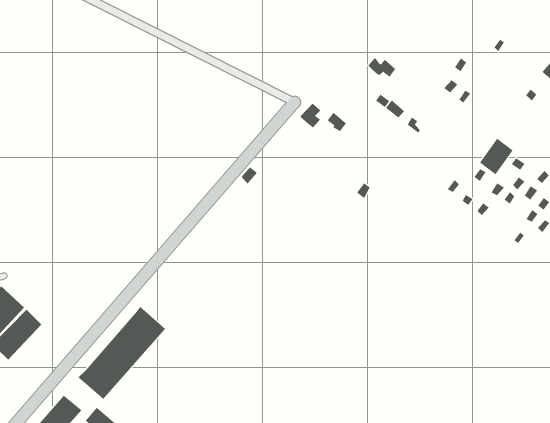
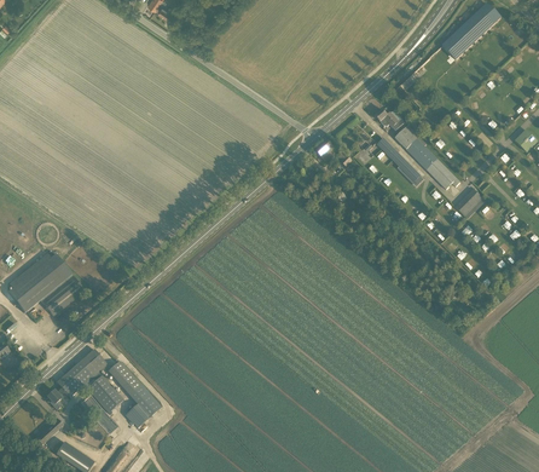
building: none -> [394,123,456,188]
building: [78,306,166,400] -> none

